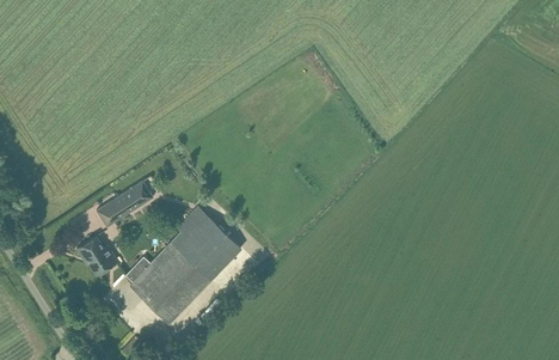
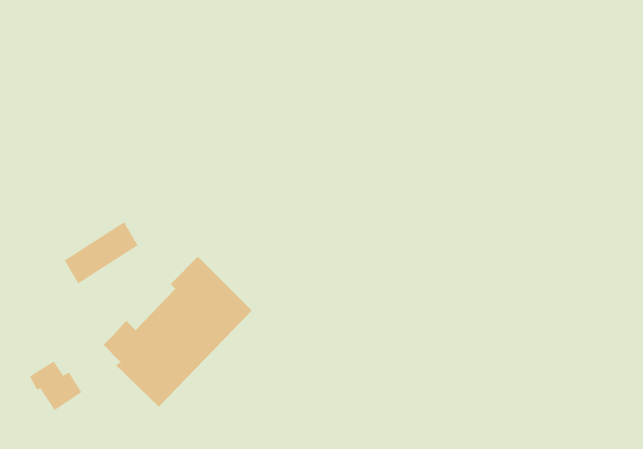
building: [76,237,117,275] -> [29,361,82,411]

